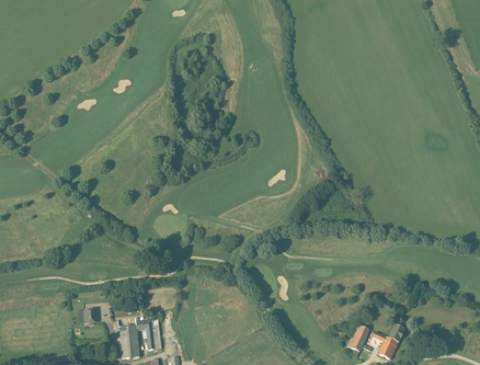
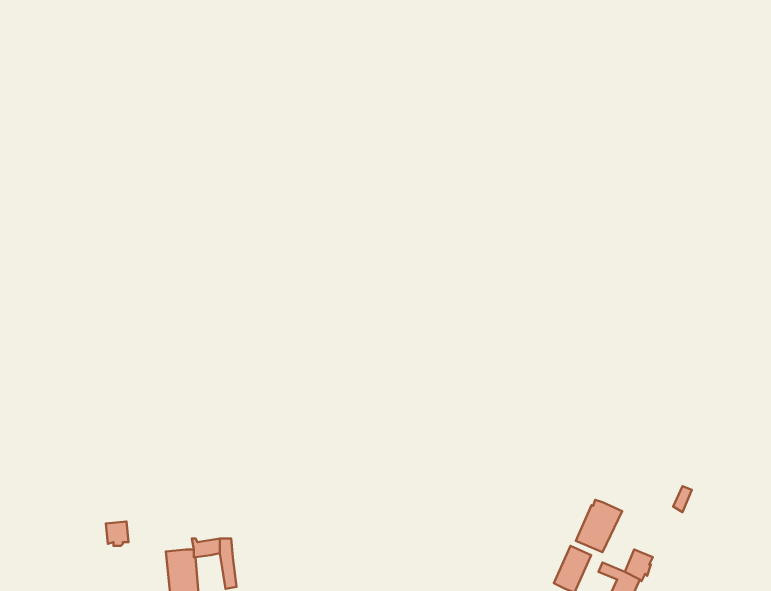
building: none -> [576,500,622,552]

